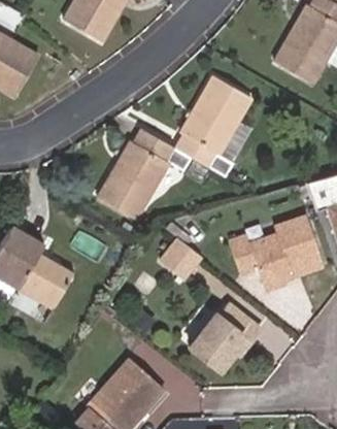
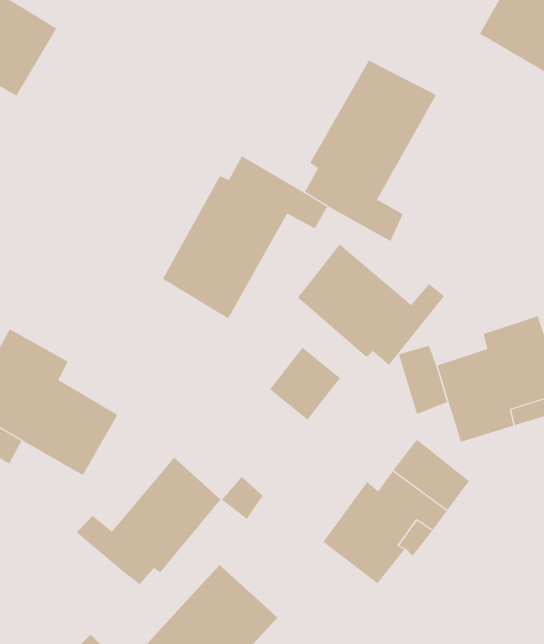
building: none -> [297,243,445,366]
building: none -> [76,457,221,585]

